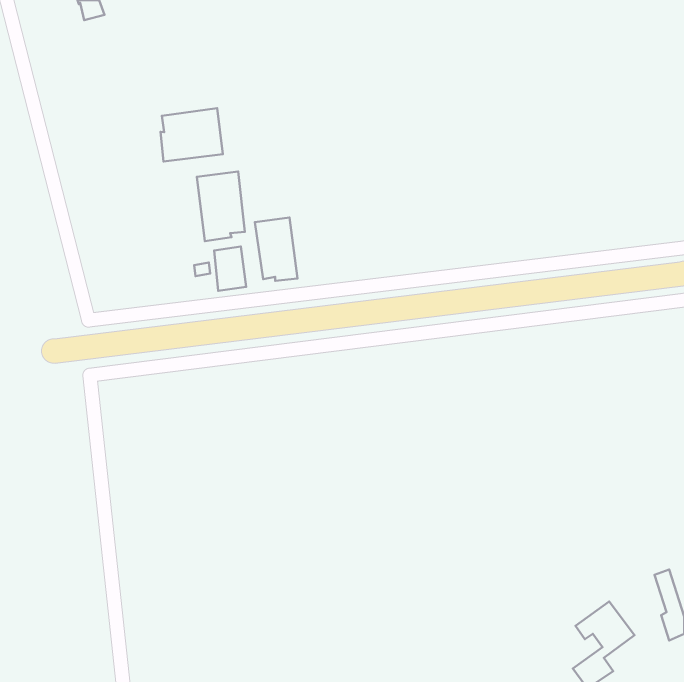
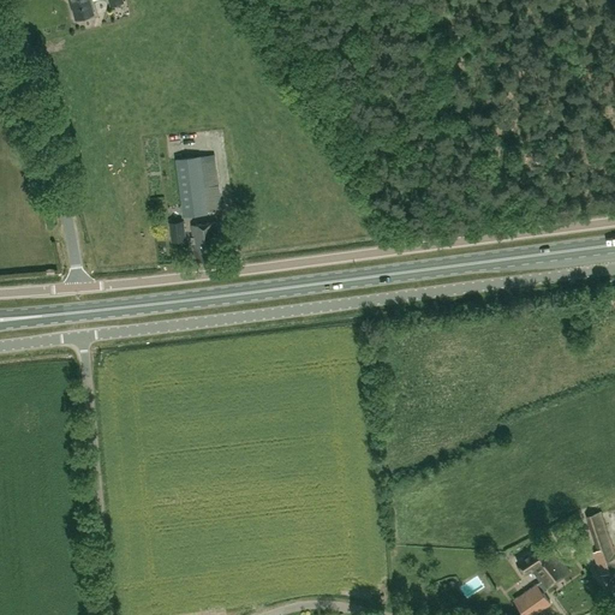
building: [160,108,223,162] -> none
building: [255,218,298,281] -> none

